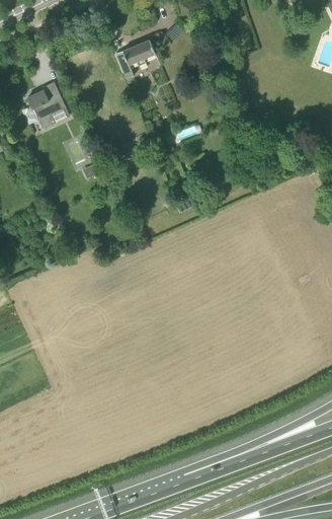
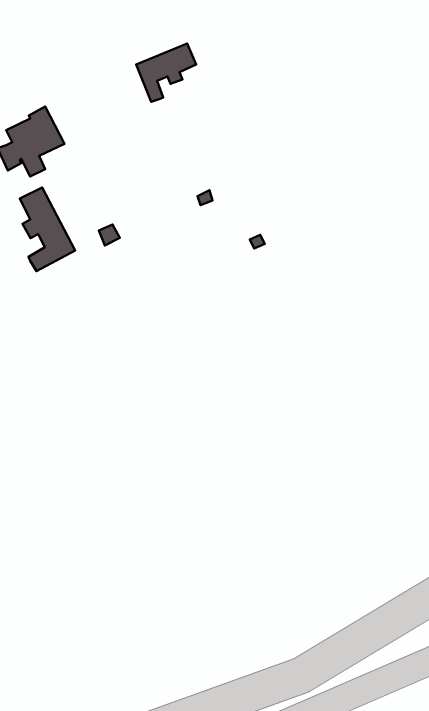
building: none -> [20,187,75,271]

